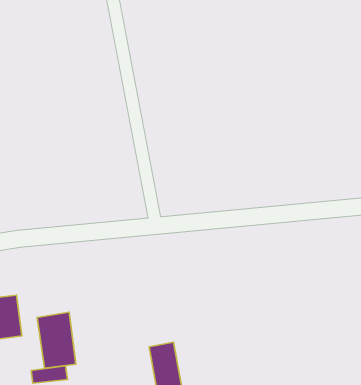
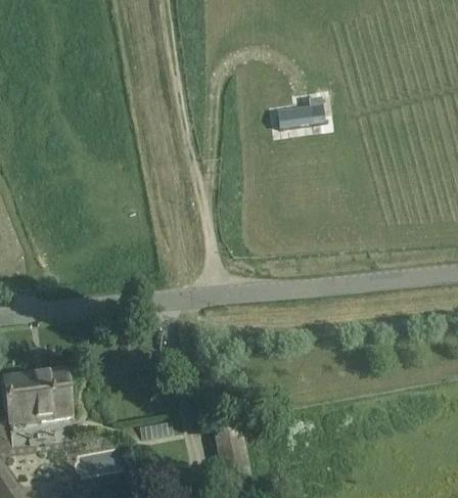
building: none -> [277,106,314,129]
building: [37,312,76,368] -> none

